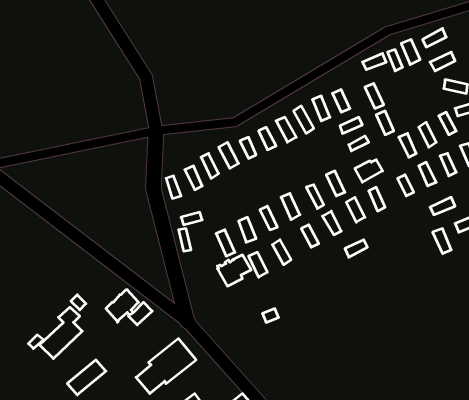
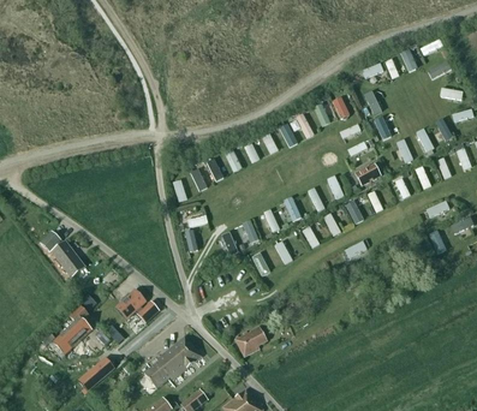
building: none -> [40,230,84,279]
building: [217,255,251,286] -> [234,324,267,355]

